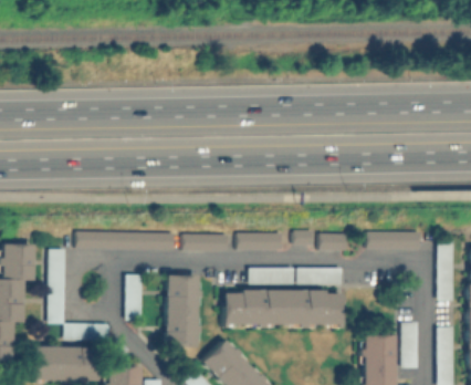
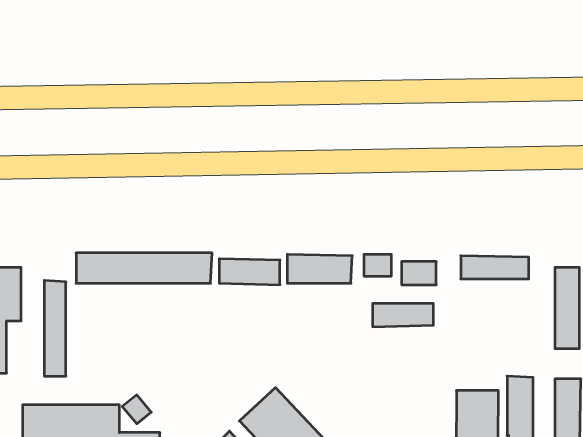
building: [250,268,296,287] -> none
building: [158,274,198,346] -> none
building: [126,275,145,323] -> none
building: [221,291,343,325] -> none
building: [62,324,108,340] -> none

